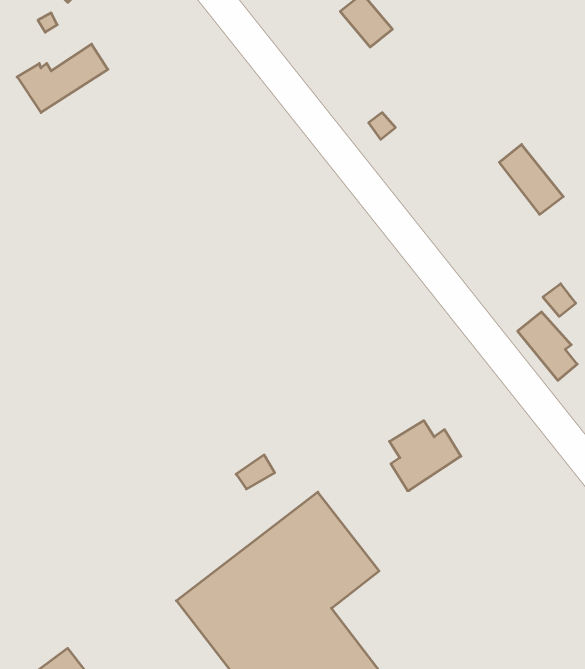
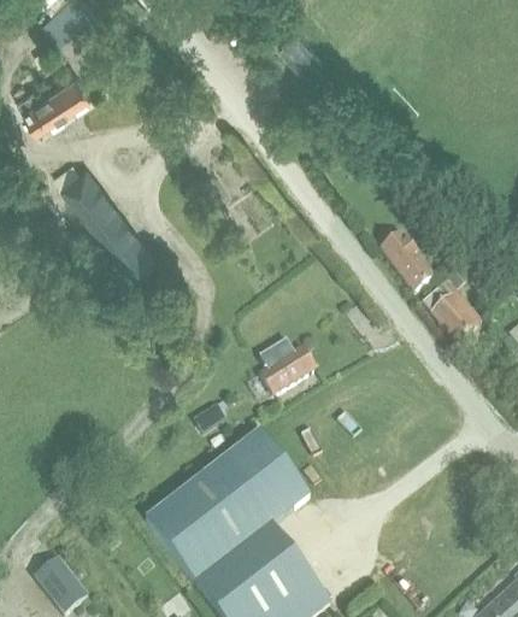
building: [499,144,563,214] -> [381,234,432,290]
building: none -> [55,159,155,272]
building: [389,421,461,491] -> [259,339,317,395]

